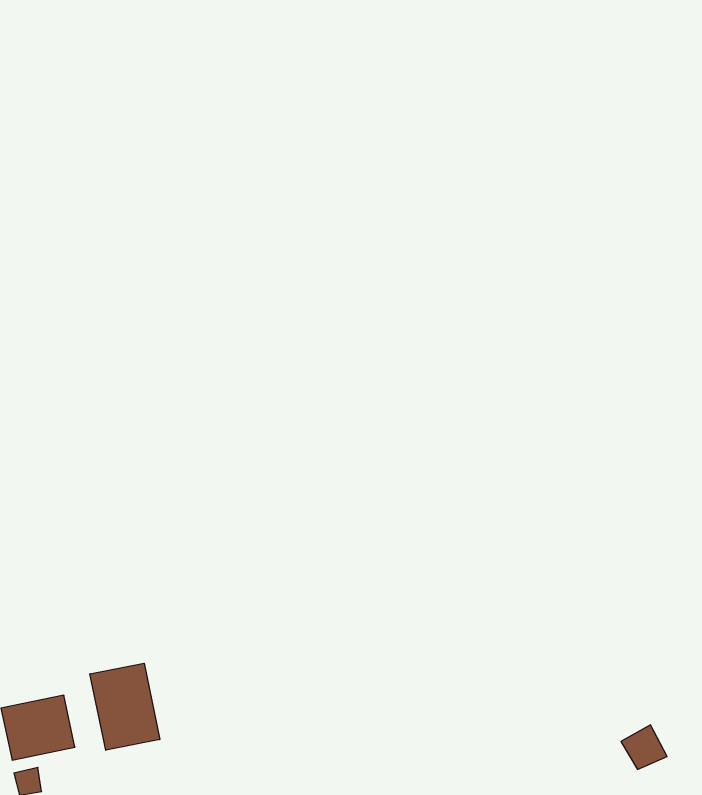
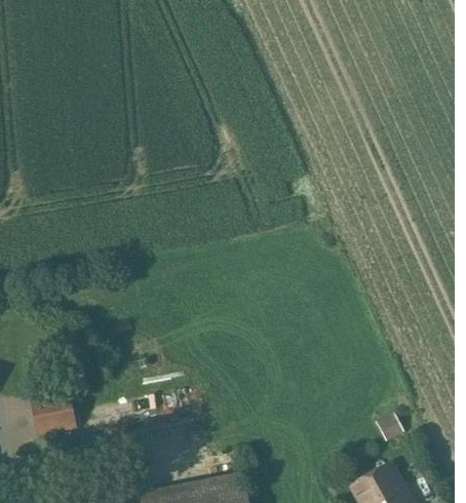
building: [90,663,160,750] -> none

